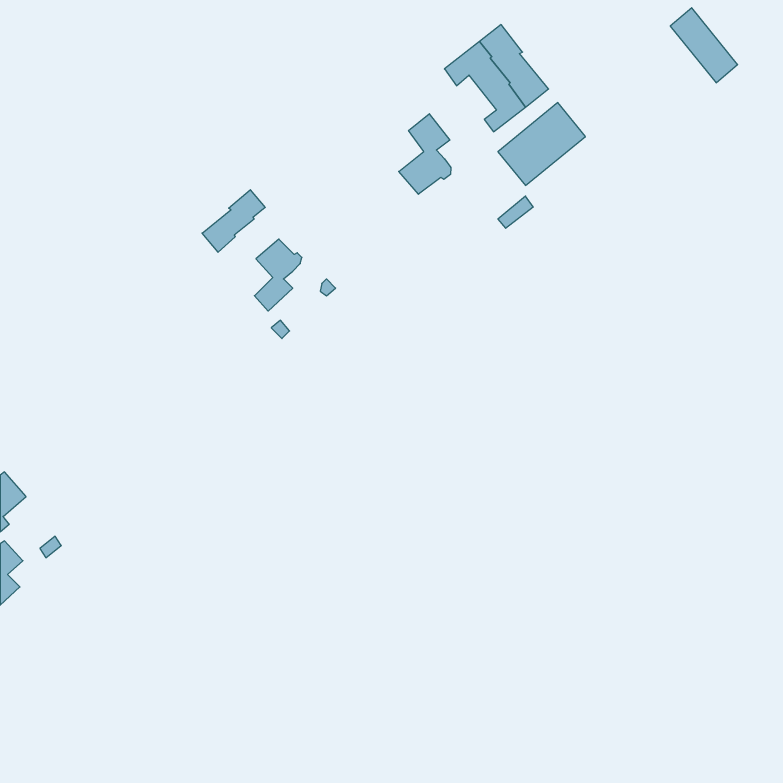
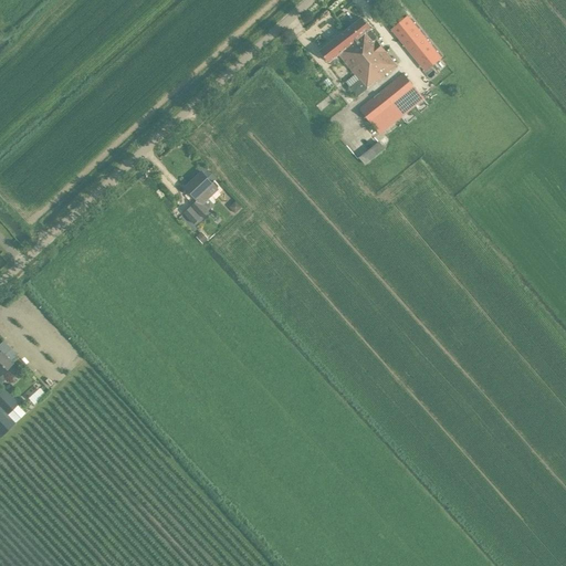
building: [670,8,738,83] -> [391,17,440,71]
building: [399,114,451,194] -> none
building: [202,190,265,252] -> none

